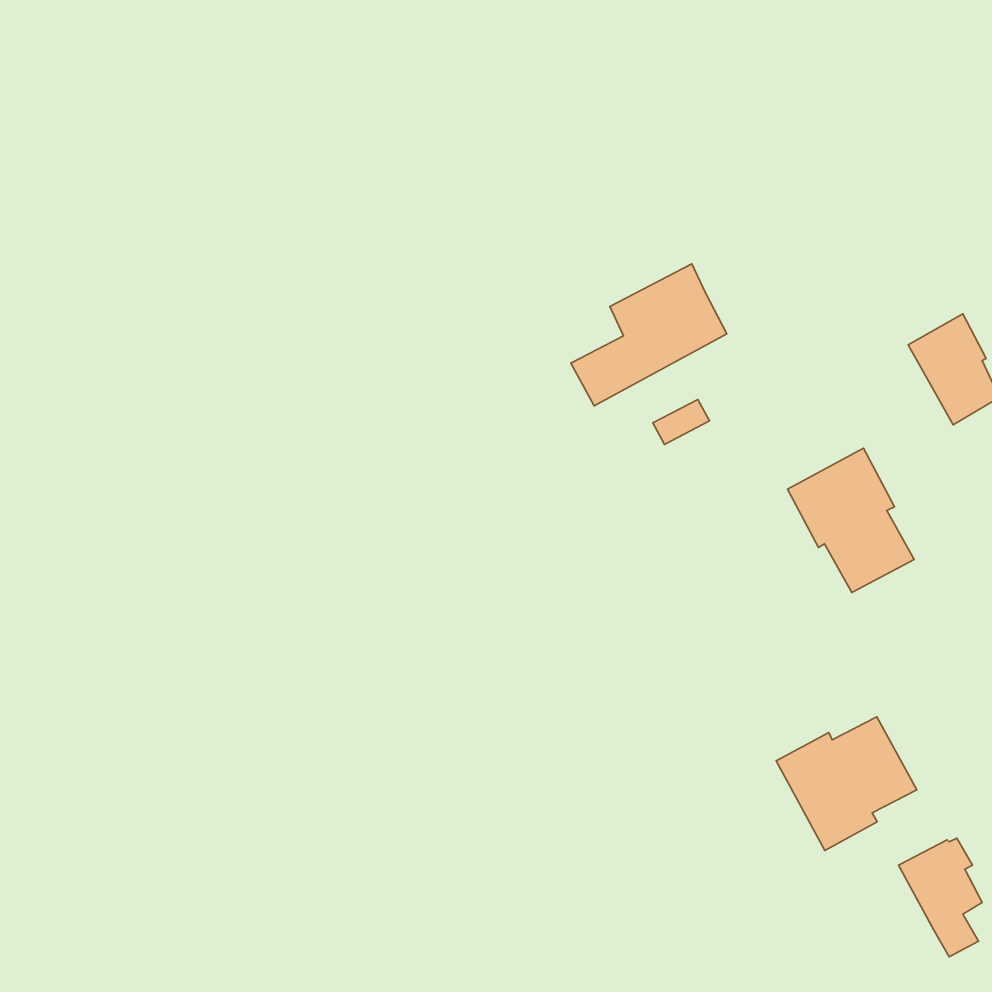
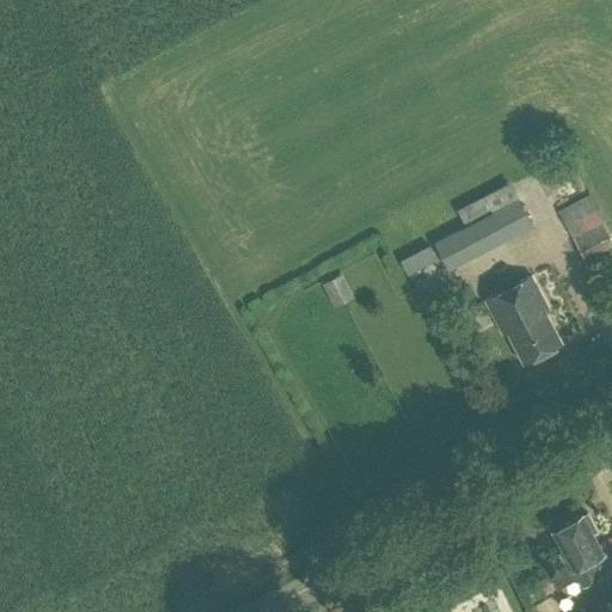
building: [571,264,727,406] -> [435,185,531,273]
building: [776,717,917,850] -> none

